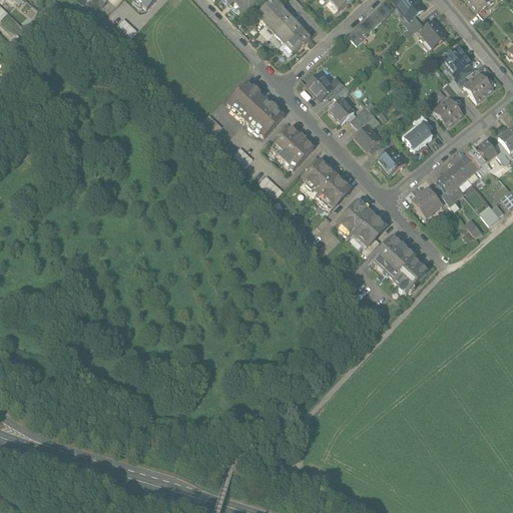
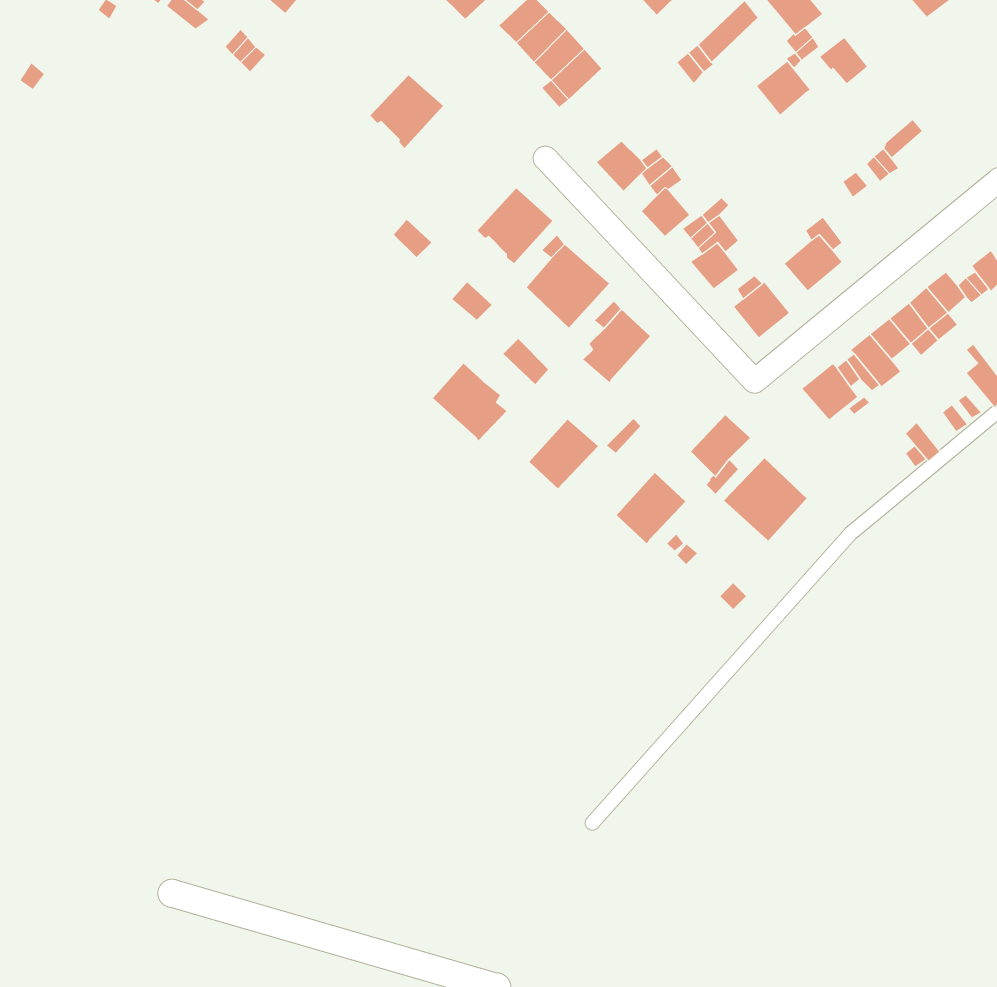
building: [443,45,471,73] -> [756,61,811,115]
building: [464,70,493,100] -> none
building: [227,80,266,118] -> [369,75,444,149]
building: [433,95,463,125] -> none
building: [315,172,351,208] -> [529,419,599,489]
building: none -> [432,363,507,441]
building: [337,197,373,234] -> [616,472,686,545]
building: [393,256,427,291] -> none

